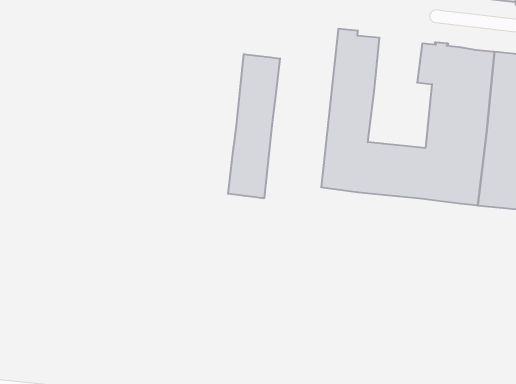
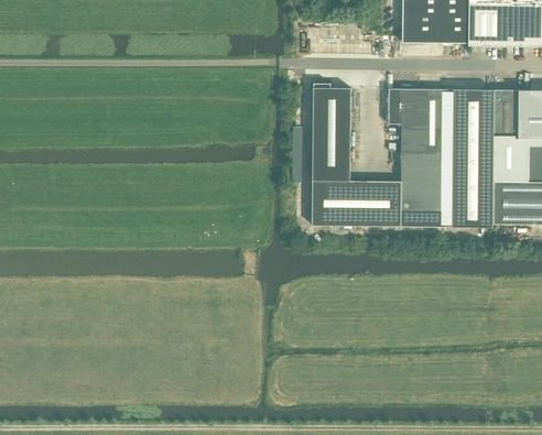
building: [228,54,280,198] -> none

